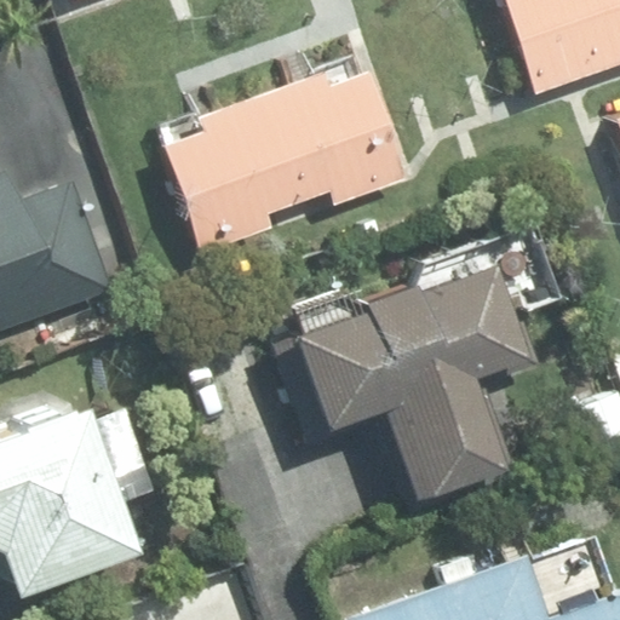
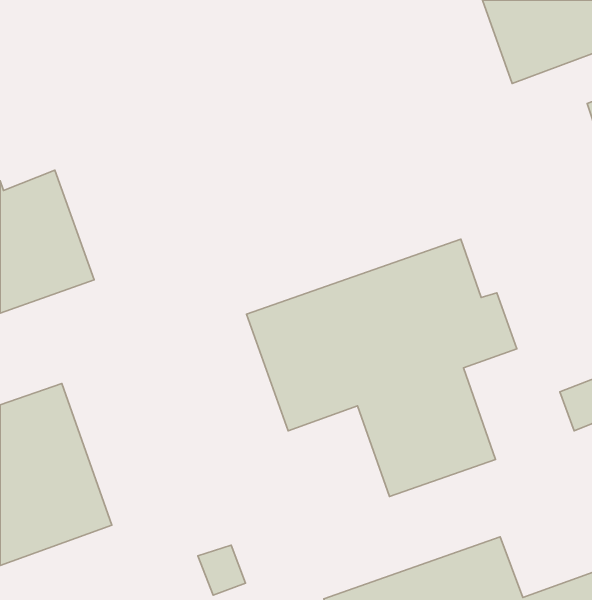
building: [160,67,407,253] -> none

